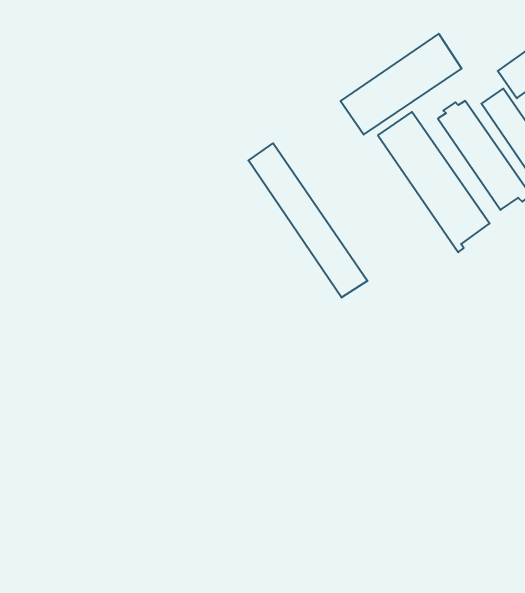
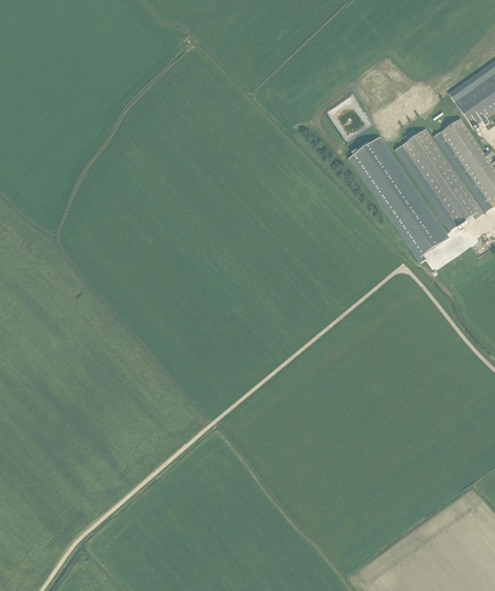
building: [341,34,462,135] -> none
building: [248,143,368,298] -> none

